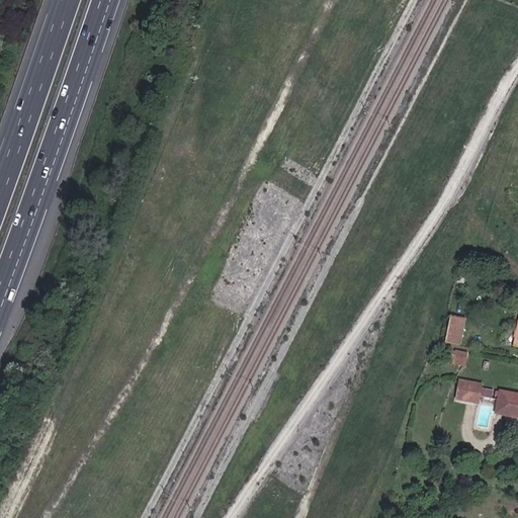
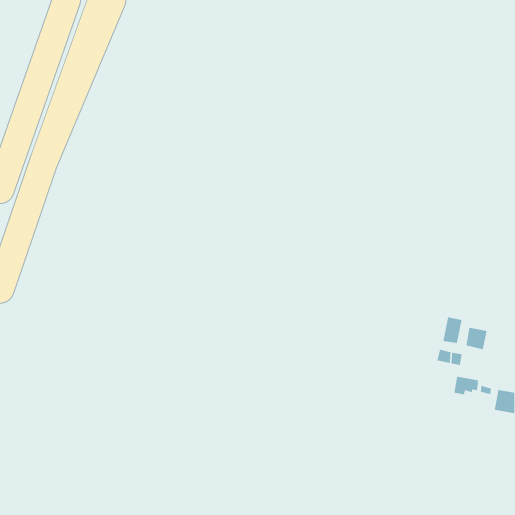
building: none -> [465,327,487,350]

